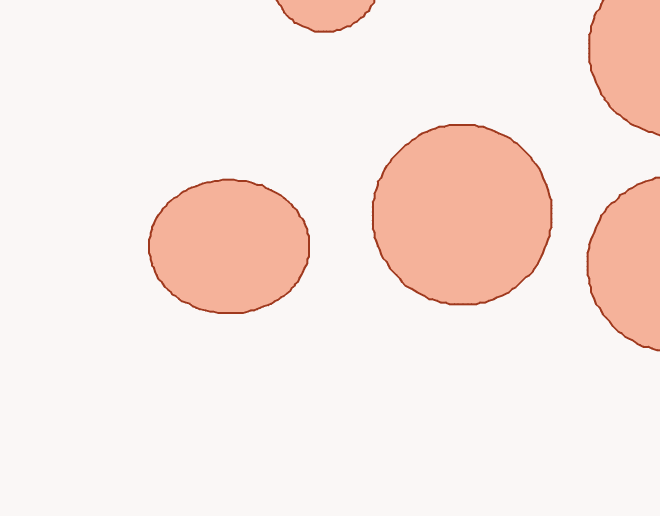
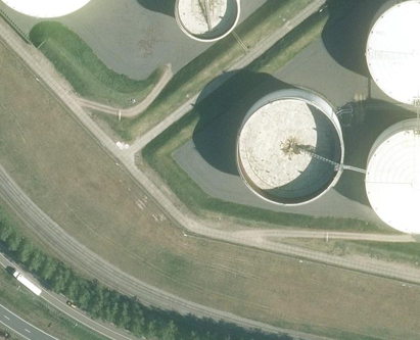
building: [149,180,309,313] -> none

